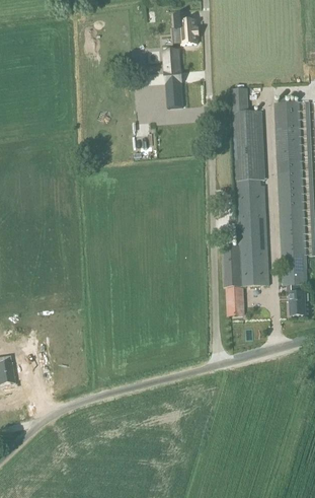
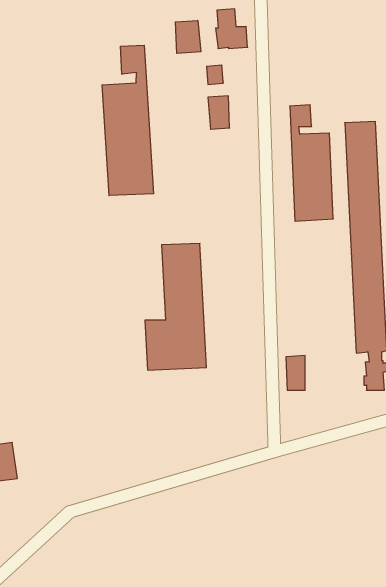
building: none -> [175,20,201,53]
building: none -> [102,45,154,196]
building: [222,185,270,285] -> [145,243,206,370]

